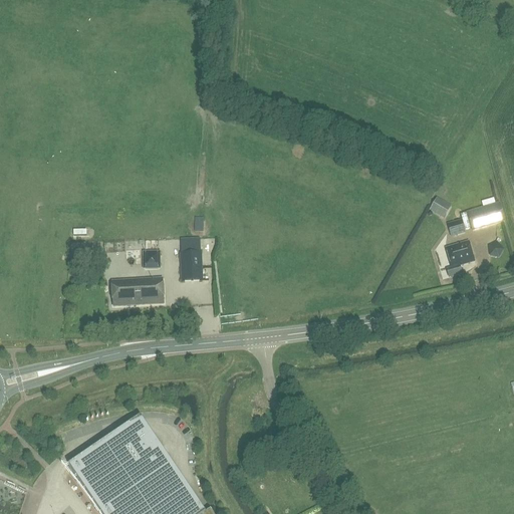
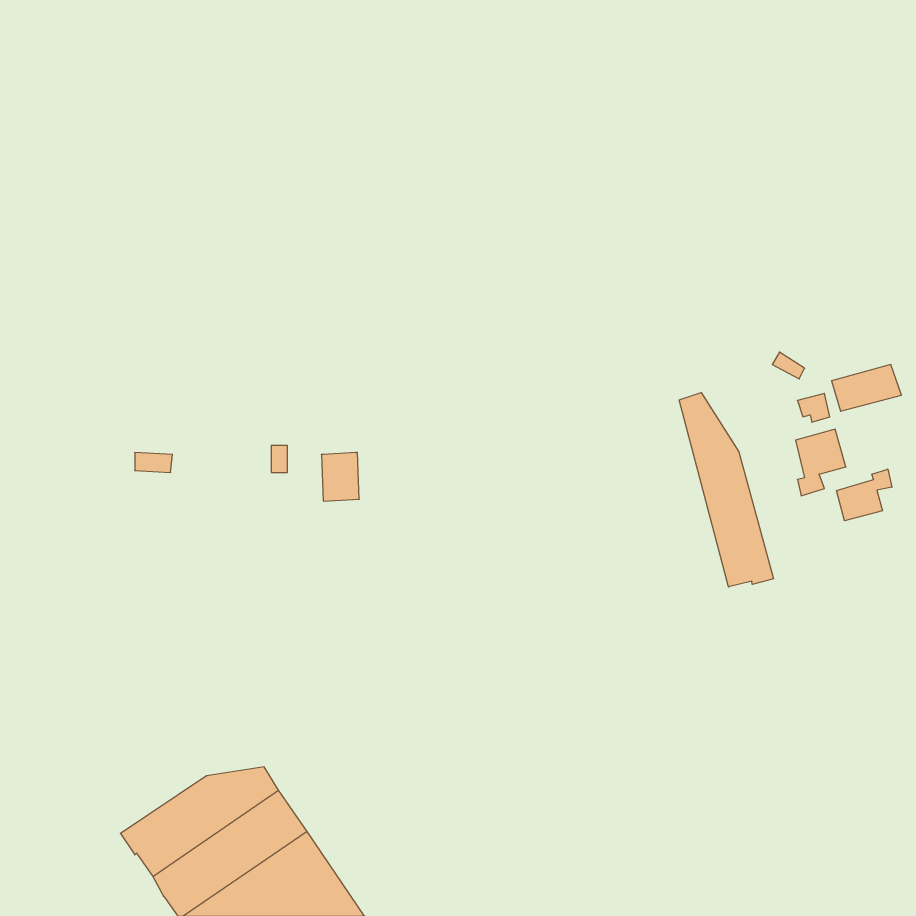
building: none -> [679,393,773,587]
building: none -> [836,469,892,521]
building: [110,278,163,306] -> none

